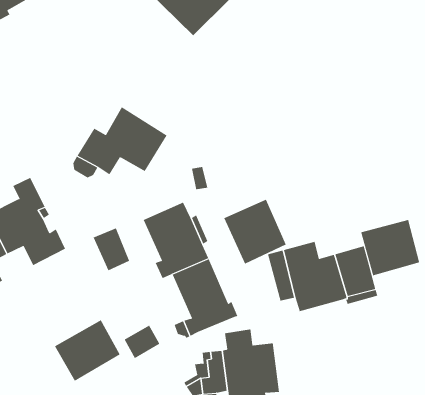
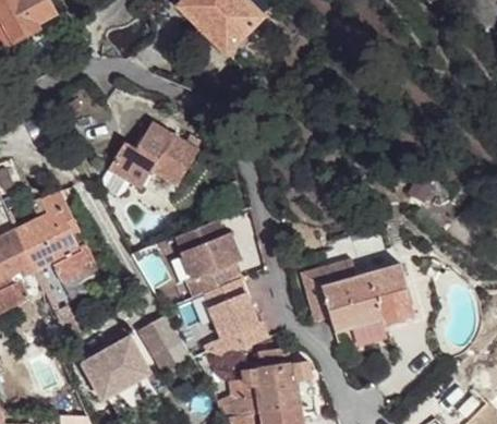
building: [223,199,287,265] -> none
building: [361,219,420,276] -> none
building: [93,227,130,271] -> none
building: none -> [140,317,181,358]

